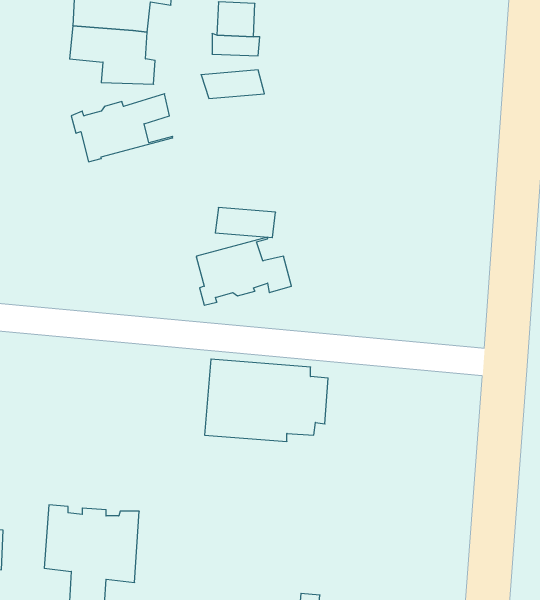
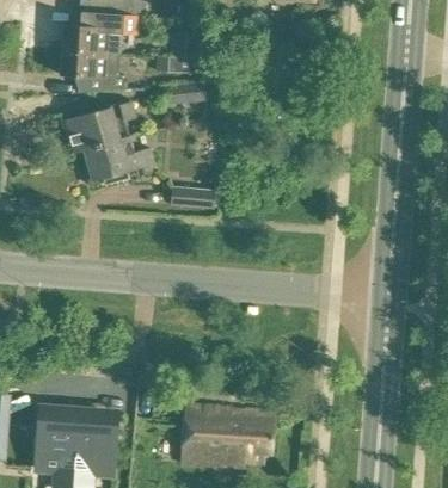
building: [196,237,291,305] -> [82,134,154,185]
building: [205,359,328,441] -> [180,404,274,467]

